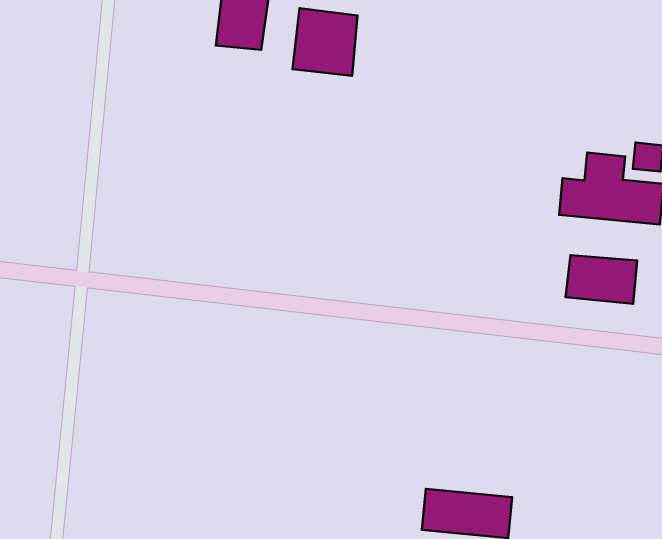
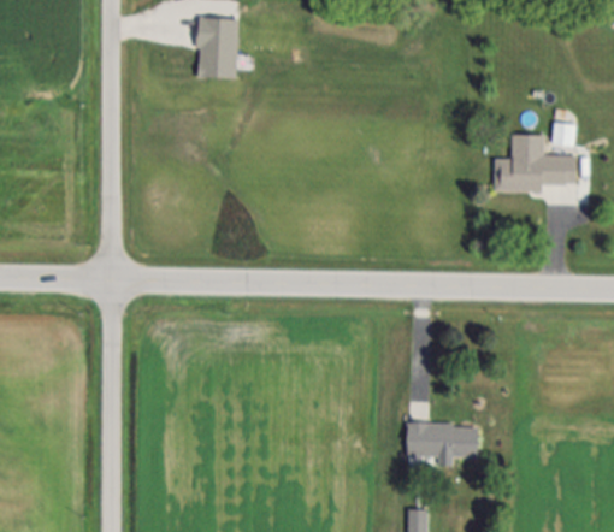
building: [292,8,357,76] -> none
building: [565,255,637,304] -> none

